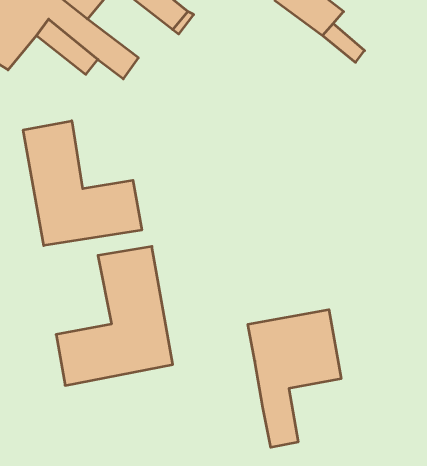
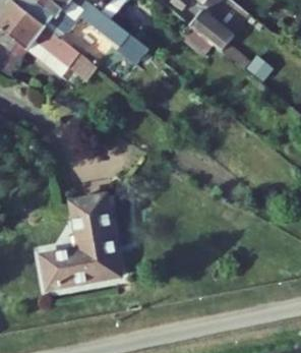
building: [23,121,142,246] -> none
building: [248,310,341,447] -> none

